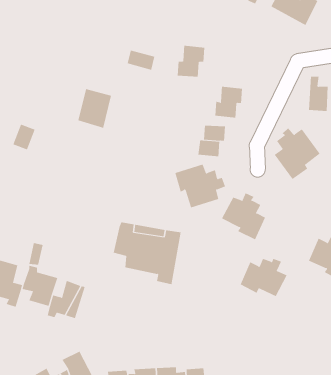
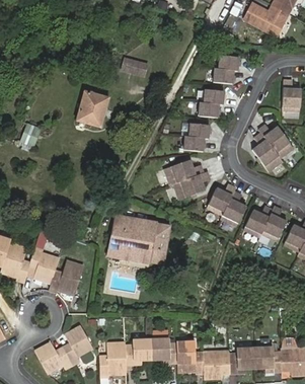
building: [177,45,205,77] -> [216,56,241,84]
building: none -> [107,238,150,263]
building: [240,258,288,297] -> [244,207,287,241]

